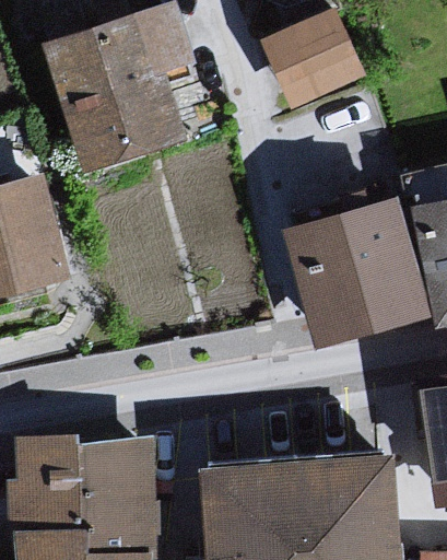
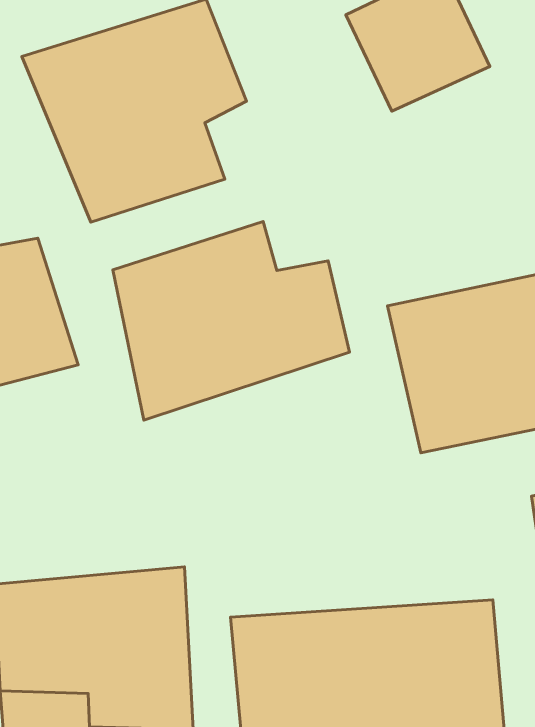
building: none -> [113,221,349,420]

